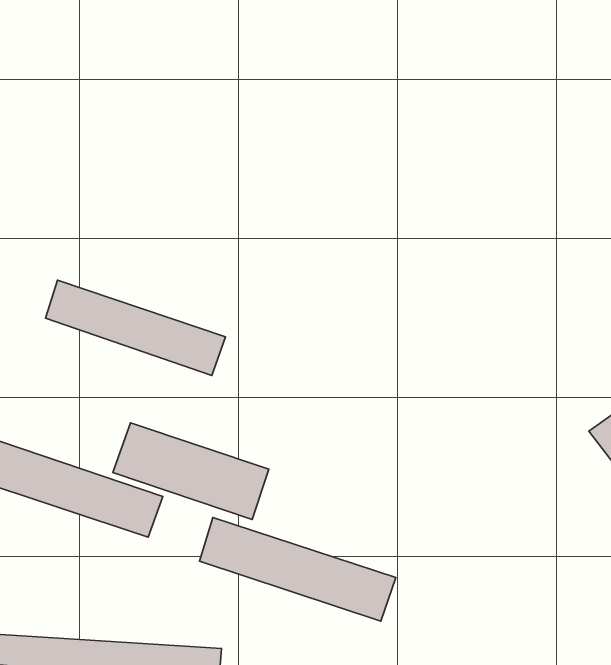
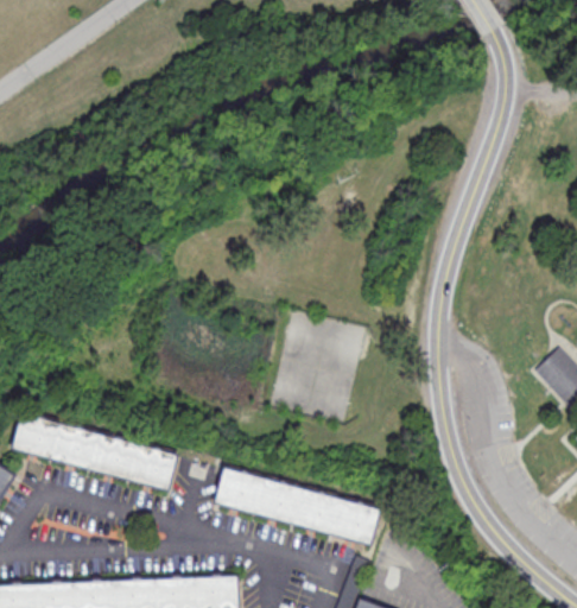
building: [45,280,226,375] -> none
building: [113,423,269,520] -> none

